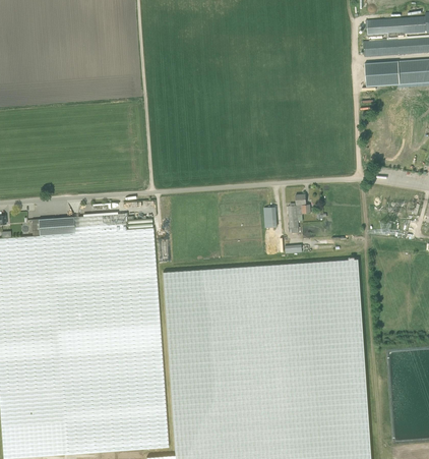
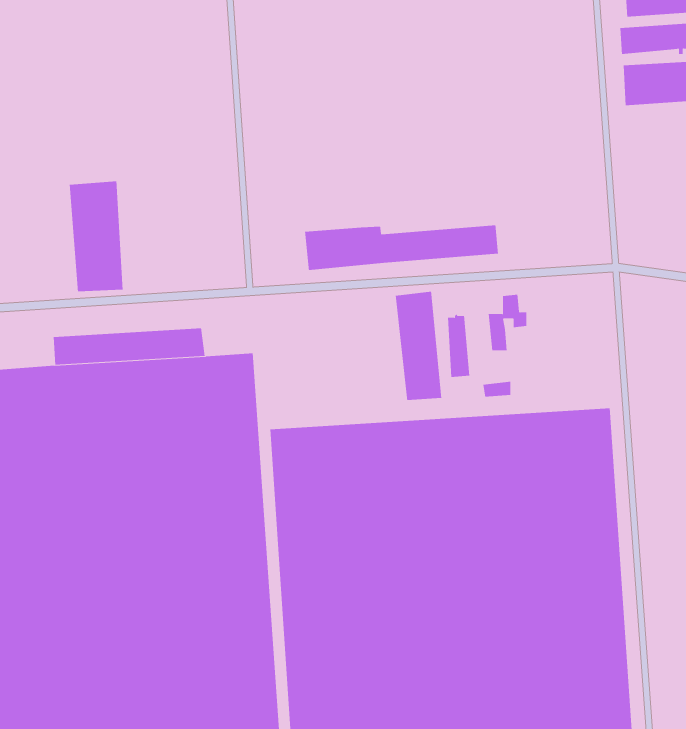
building: none -> [69,181,123,292]
building: none -> [305,224,498,271]
building: none -> [395,291,442,401]

